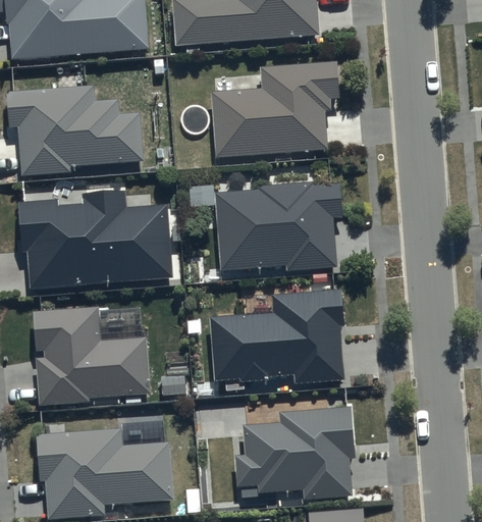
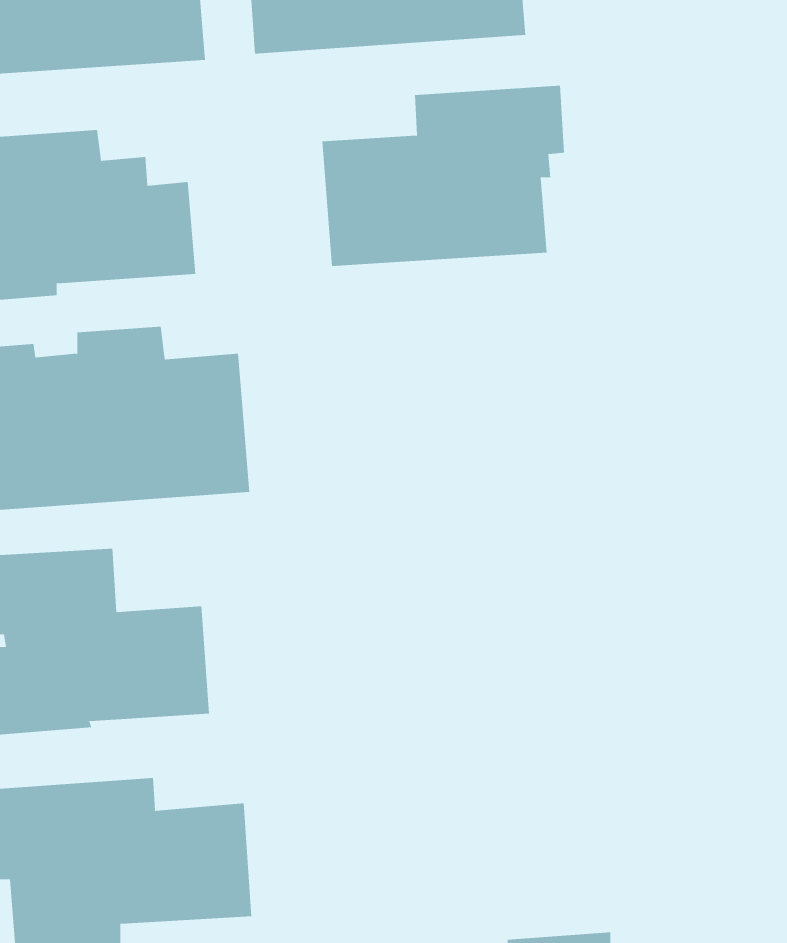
building: [214,180,343,273] -> none
building: [211,289,344,385] -> none
building: [234,407,356,503] -> none

